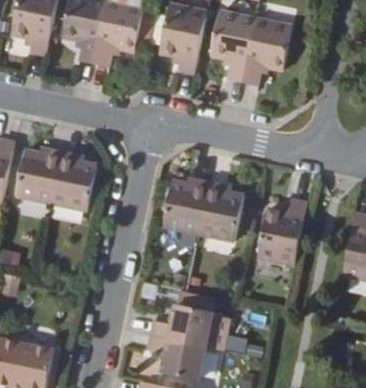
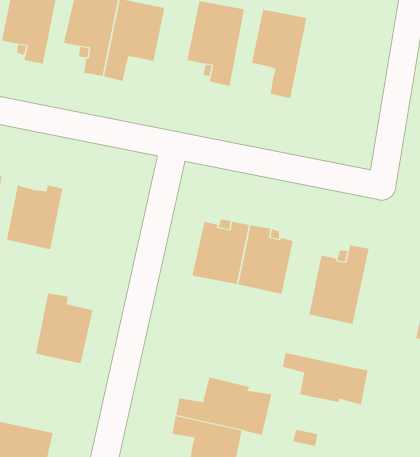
building: [244,16,293,84] -> none
building: [51,153,98,210] -> [35,293,94,364]
building: none -> [282,352,368,405]

